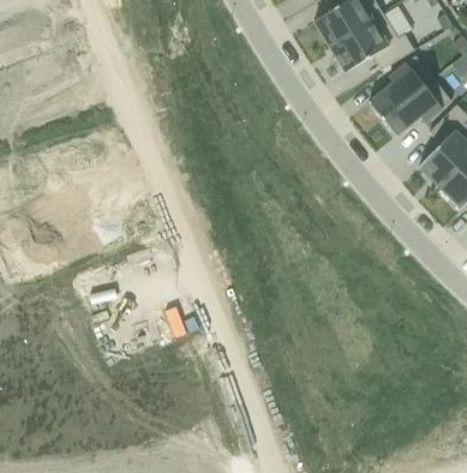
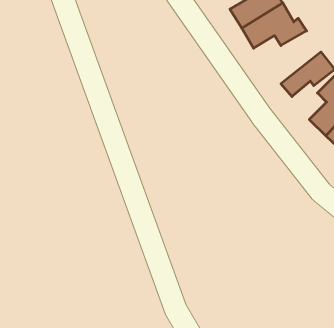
building: [369,56,435,120] -> none

